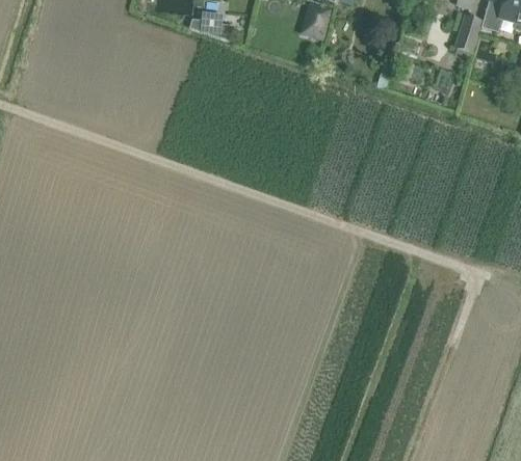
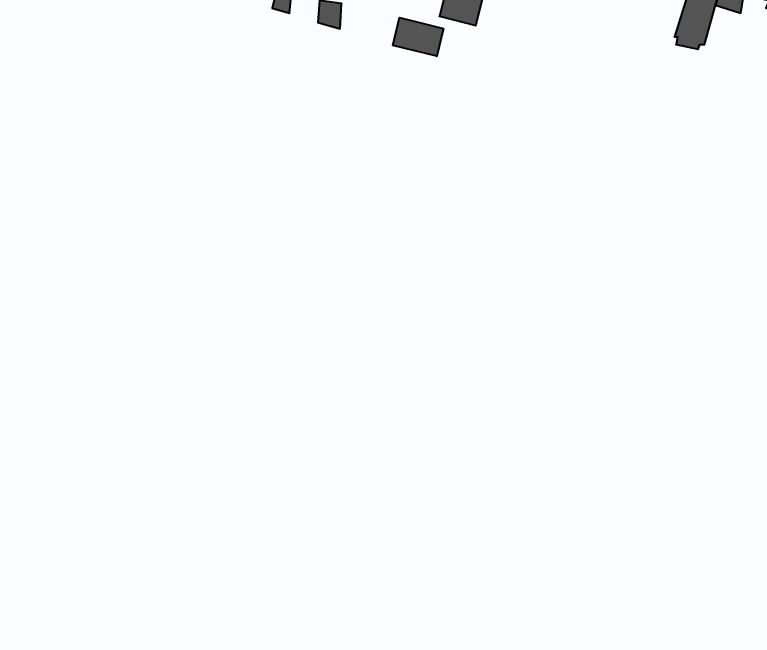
building: none -> [393,18,443,56]

